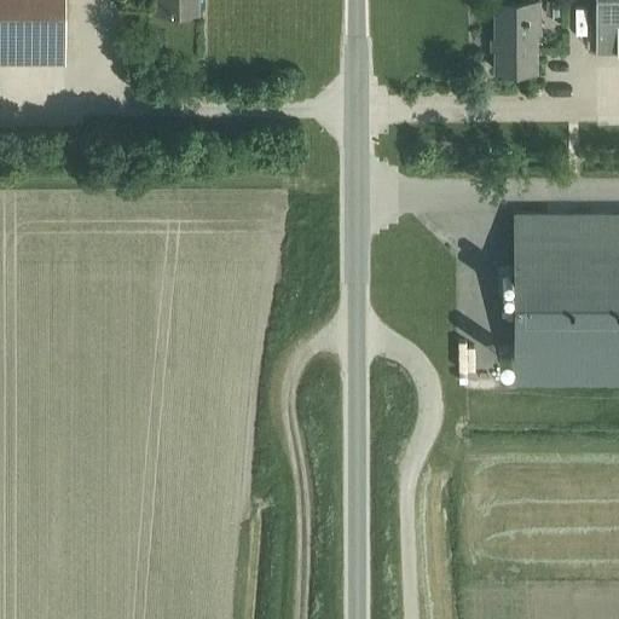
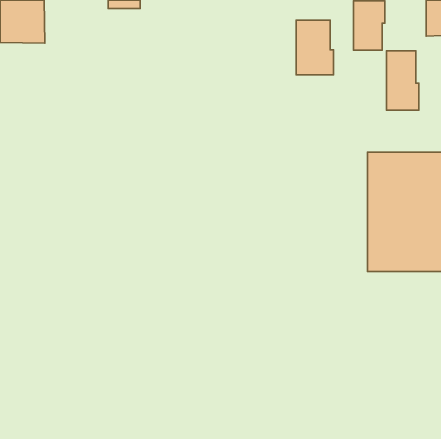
building: none -> [296,20,333,75]
building: none -> [387,51,419,110]

